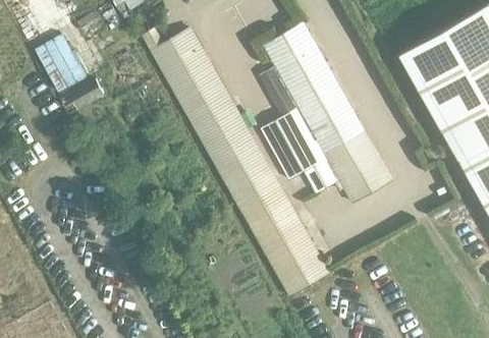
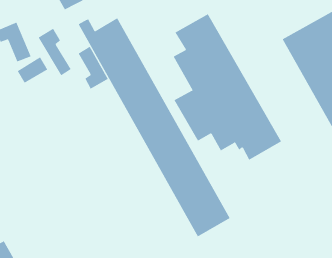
building: none -> [38,28,71,76]
building: none -> [78,46,108,89]

